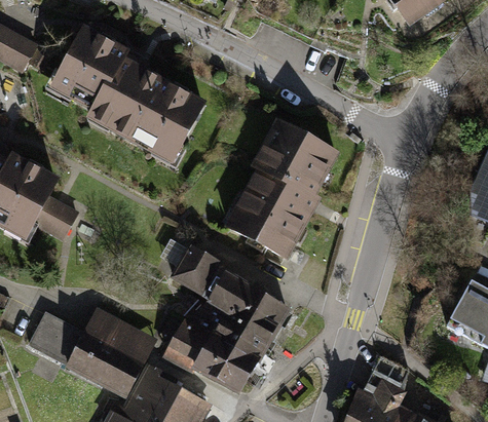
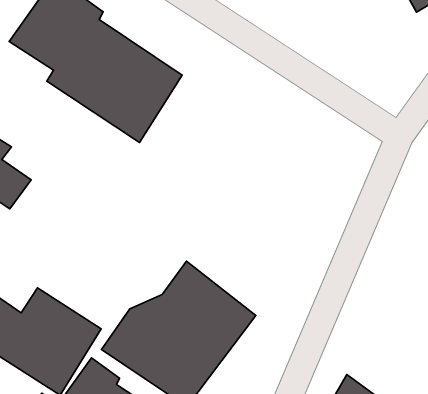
building: [224,127,337,252] -> none
building: [168,243,217,295] -> none

